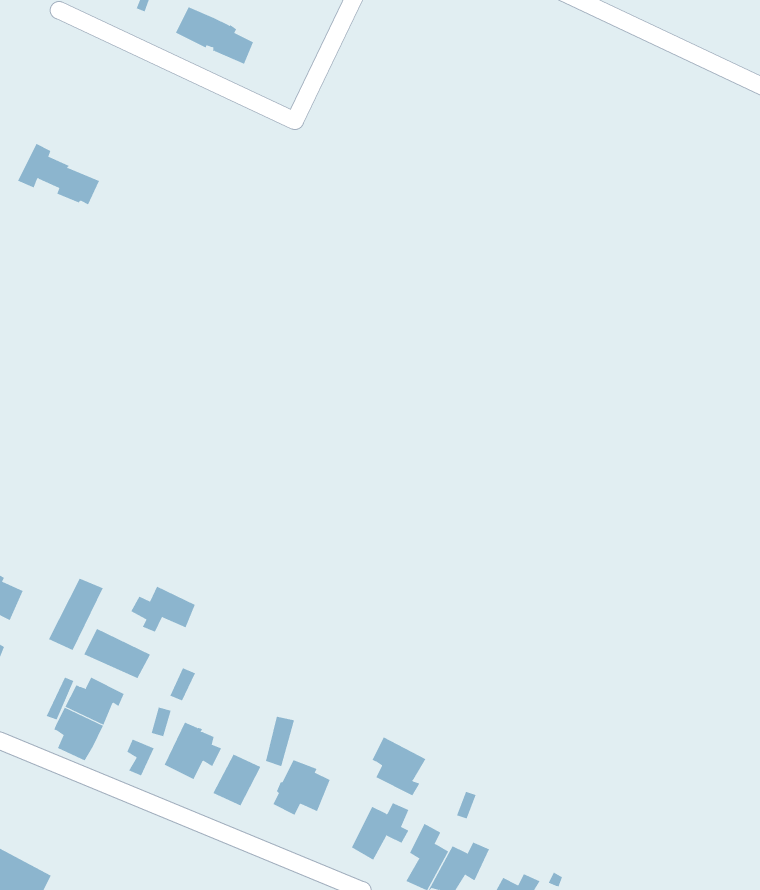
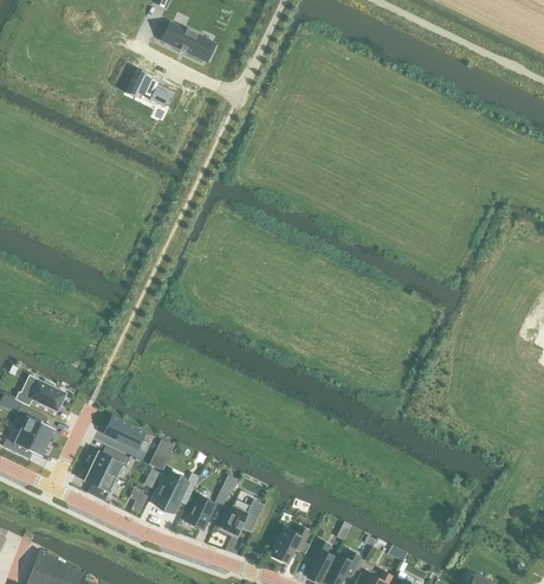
building: [17,143,100,205] -> [124,68,176,107]
building: [48,578,103,651] -> none
building: [131,586,195,633] -> none
building: [372,736,426,796] -> none

